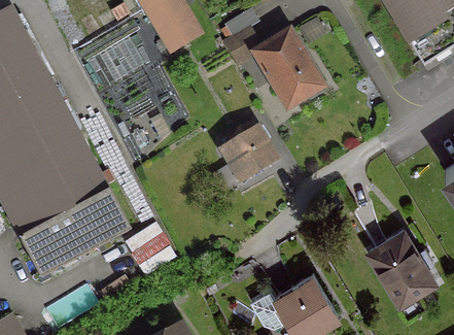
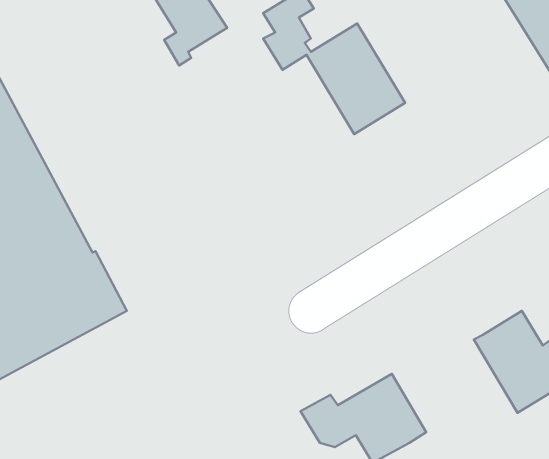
building: [221,120,277,181] -> none

